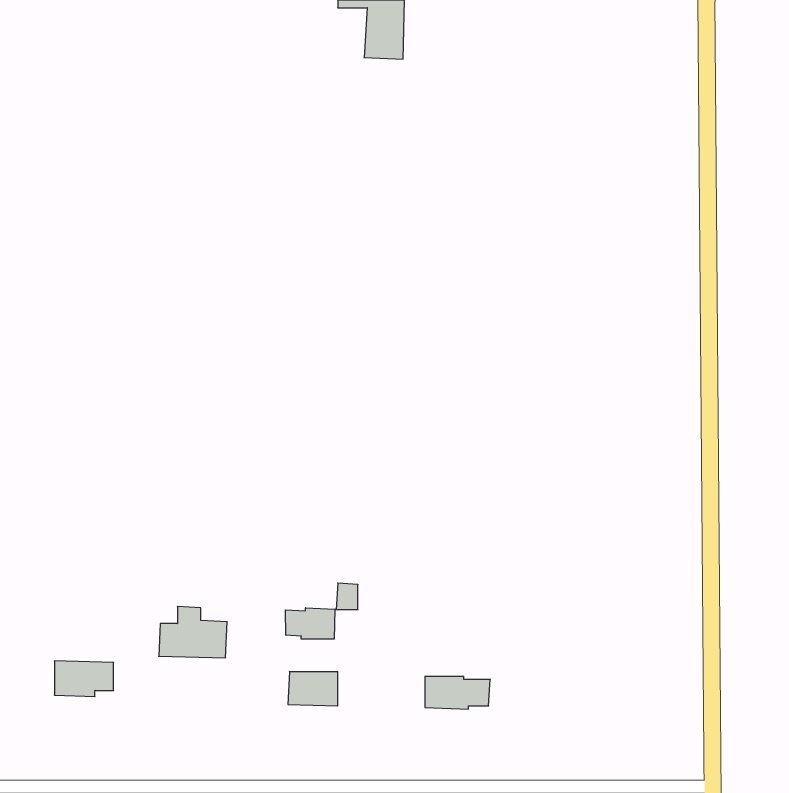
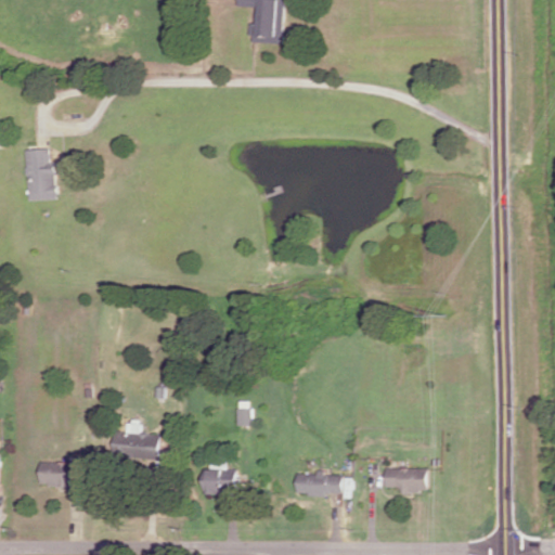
building: none -> [24,149,55,201]
building: [286,608,335,639] -> none
building: none -> [383,468,426,492]

